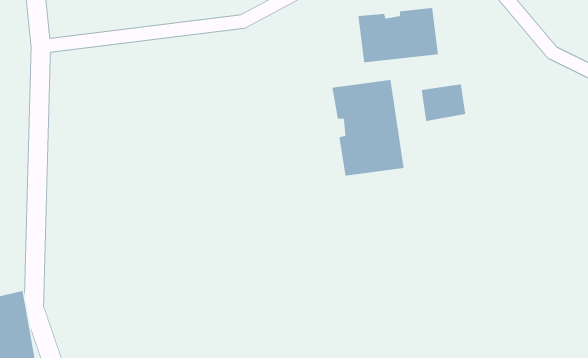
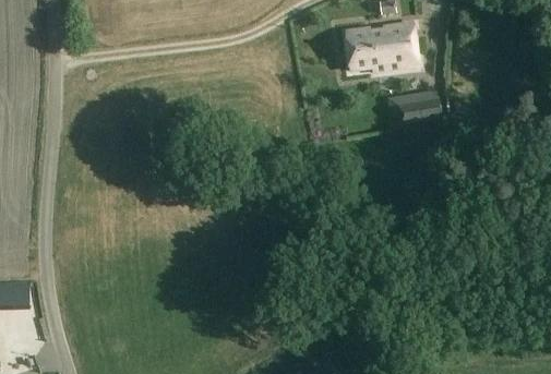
building: [331,79,404,176] -> none

